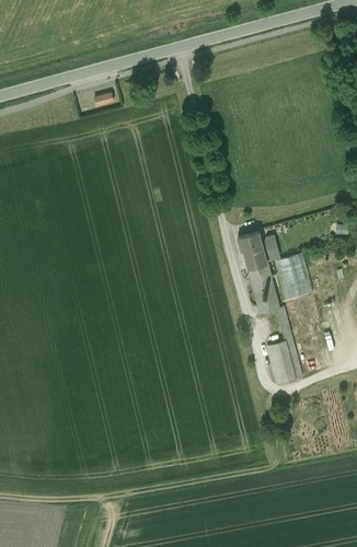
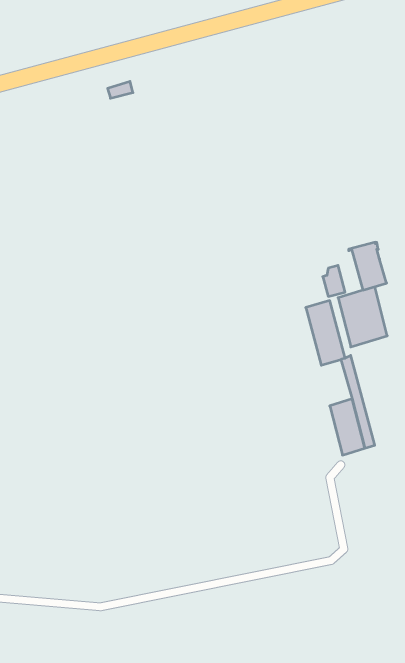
building: [237,231,266,268] -> [349,242,387,290]

